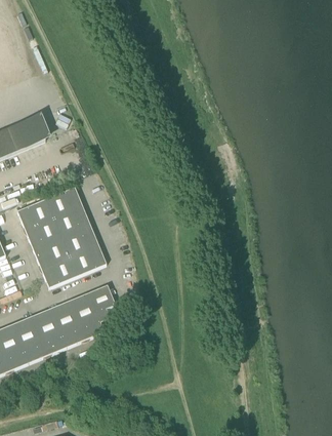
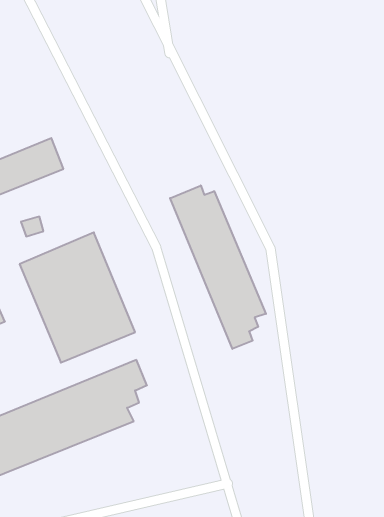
building: none -> [170,185,266,349]

